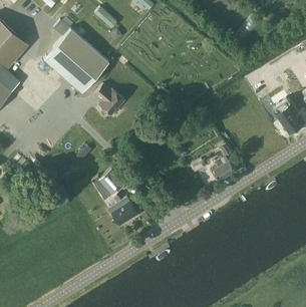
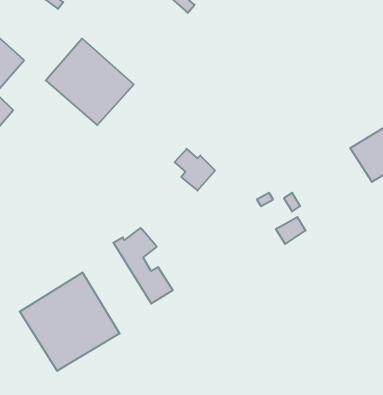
building: [94,85,124,116] -> [175,149,215,191]
building: none -> [20,272,120,371]

